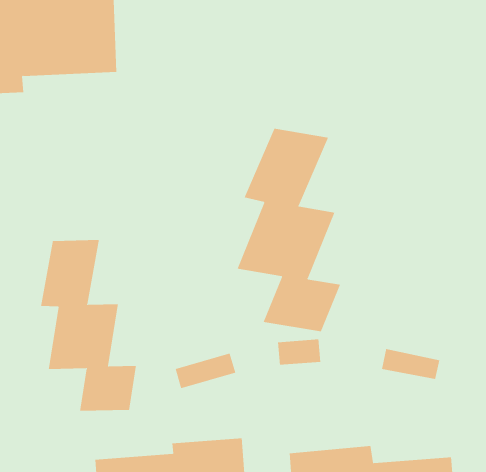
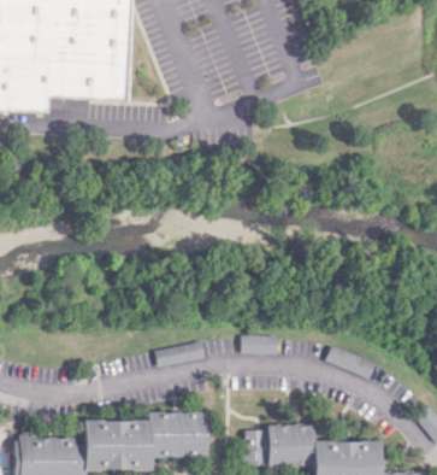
building: [237,128,341,332] -> none
building: [41,239,136,412] -> none

